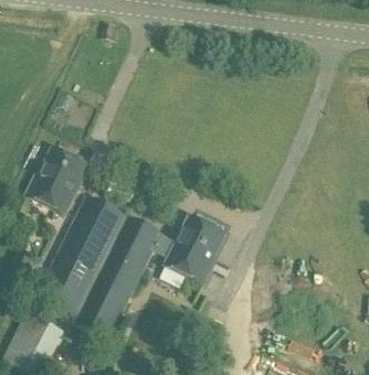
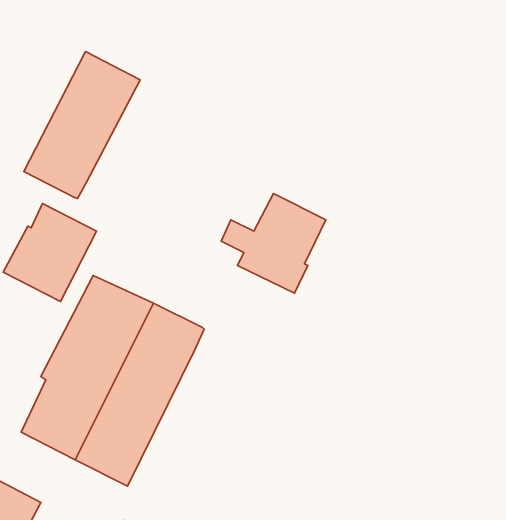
building: none -> [24,52,140,199]
building: [155,214,225,281] -> [221,194,326,293]

